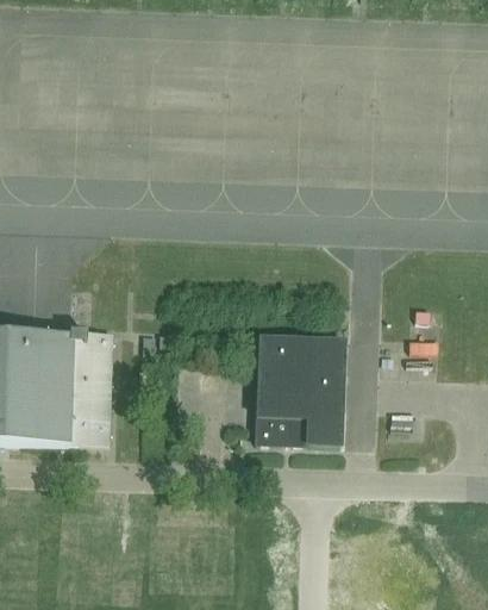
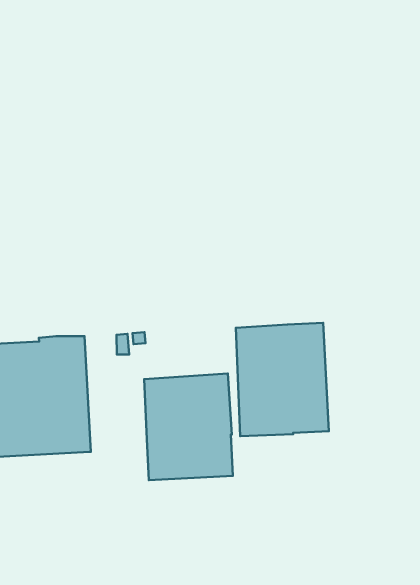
building: none -> [144,373,233,480]

